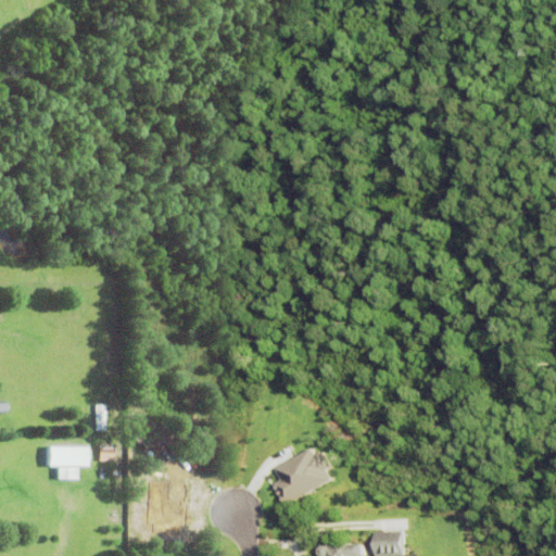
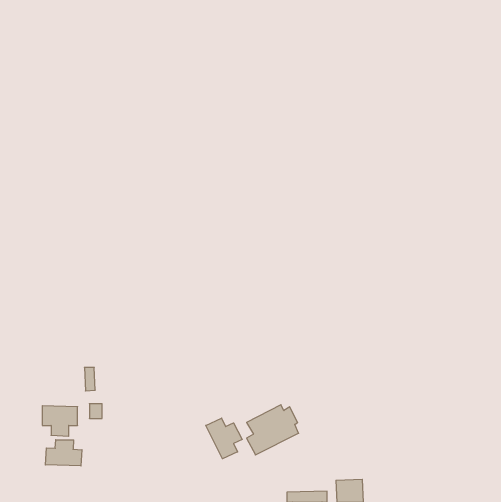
building: none -> [206,418,242,459]
building: none -> [45,440,82,466]

